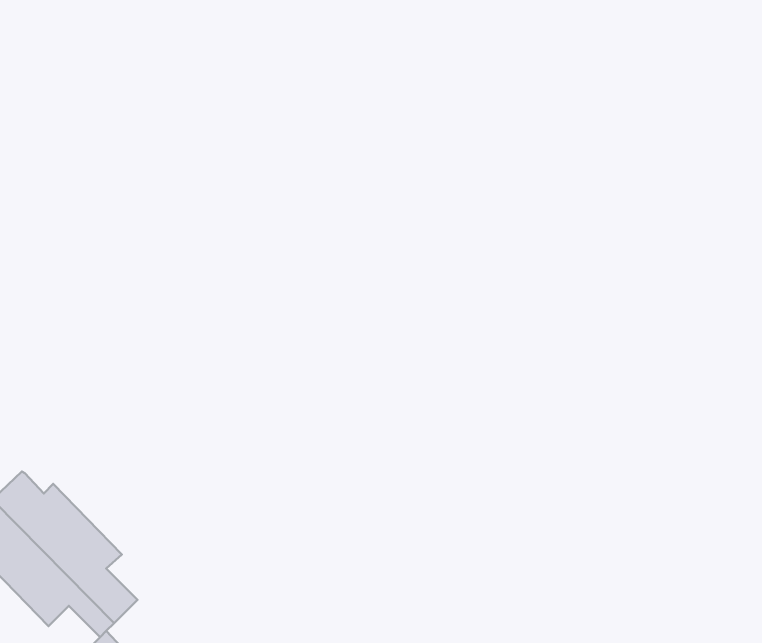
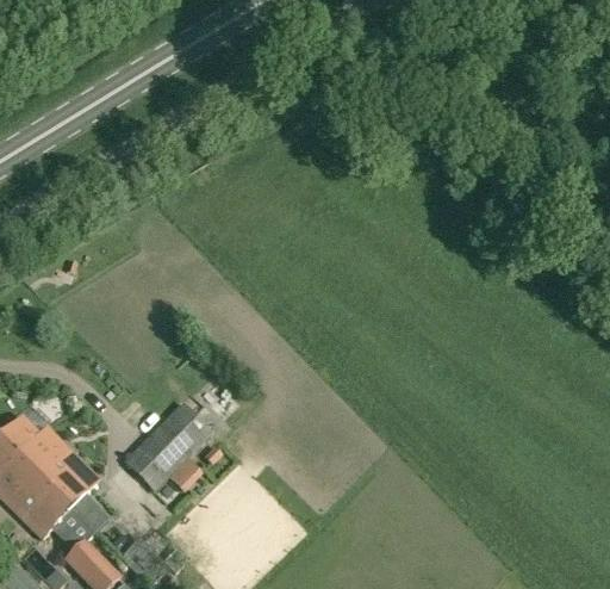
building: none -> [124,402,212,490]

